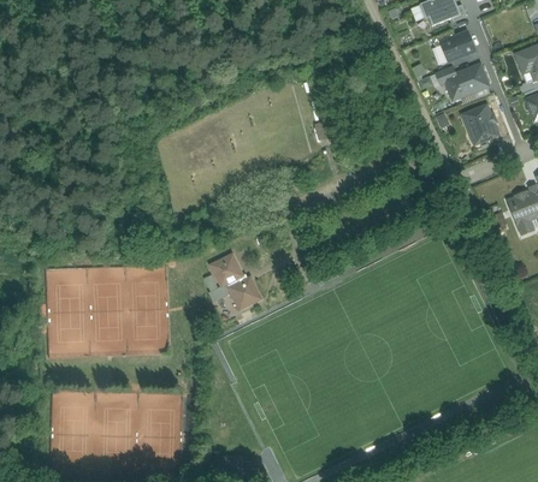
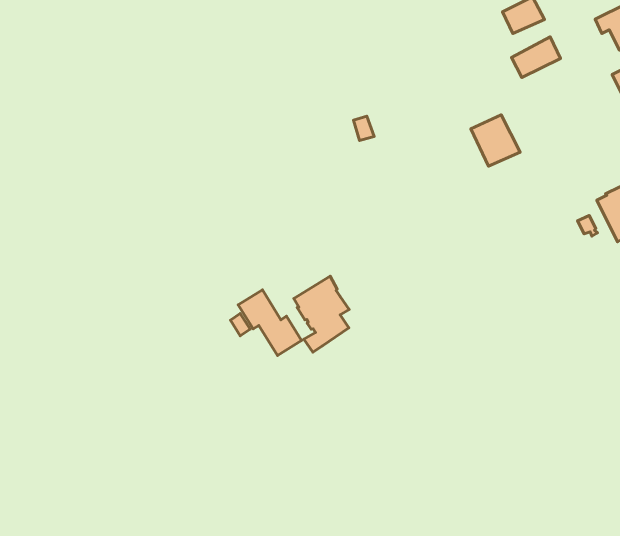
building: [461,103,499,144] -> [471,115,520,166]
building: none -> [294,276,349,352]

